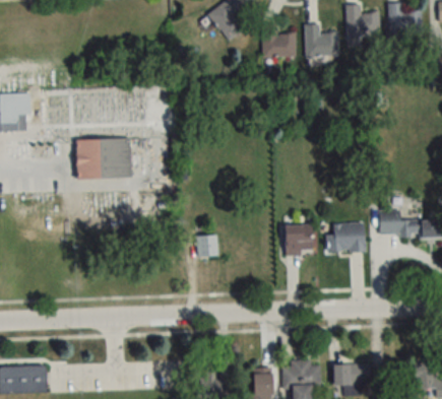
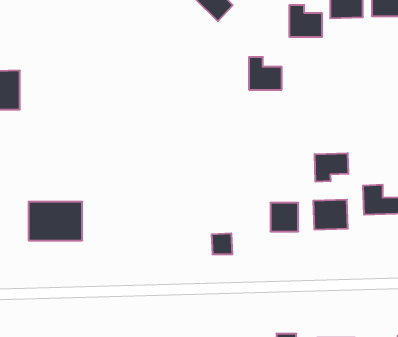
building: [263,22,297,56] -> [249,57,282,90]
building: [76,138,131,178] -> [29,202,82,240]
building: none -> [315,153,348,182]
building: [197,235,218,256] -> [212,233,232,254]

